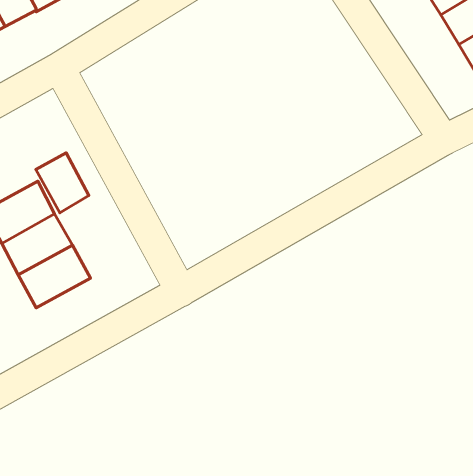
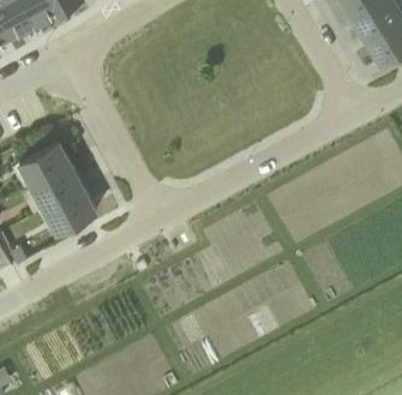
building: [36,153,89,213] -> none

